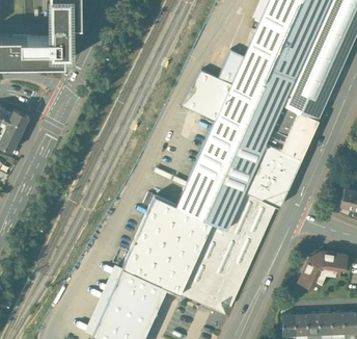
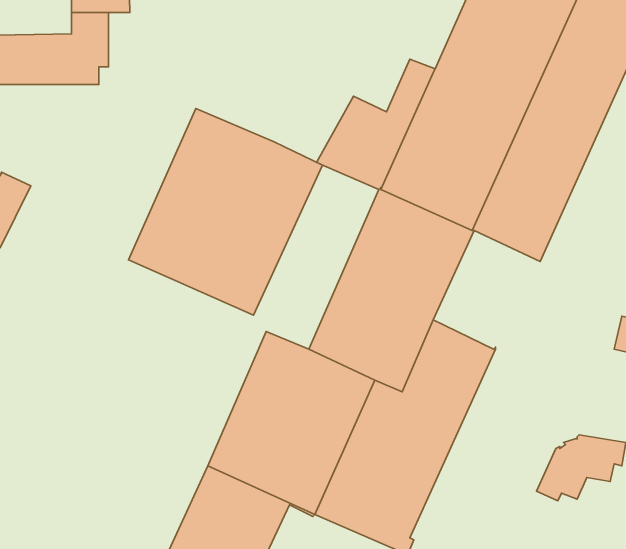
building: none -> [128,108,322,315]
building: [244,142,302,206] -> none

